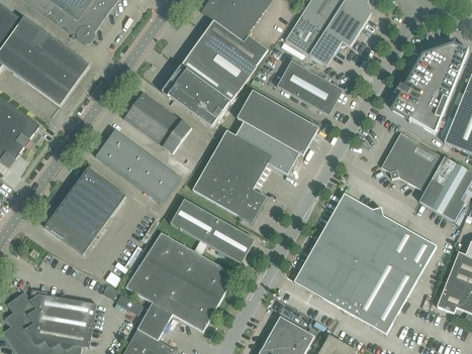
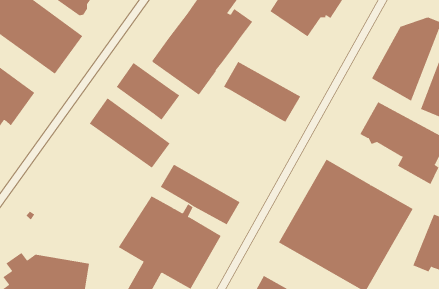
building: [276,61,341,114] -> none
building: [192,121,298,223] -> none
building: [44,167,125,254] -> none

